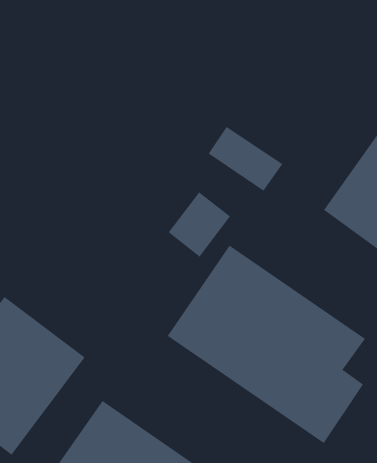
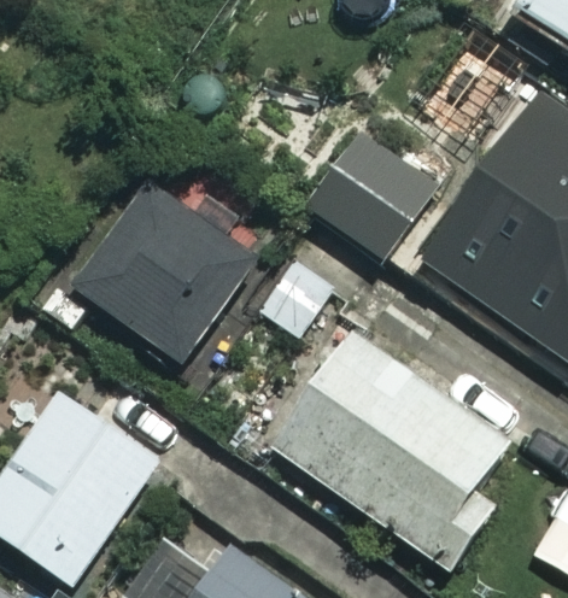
building: none -> [71,172,263,365]

